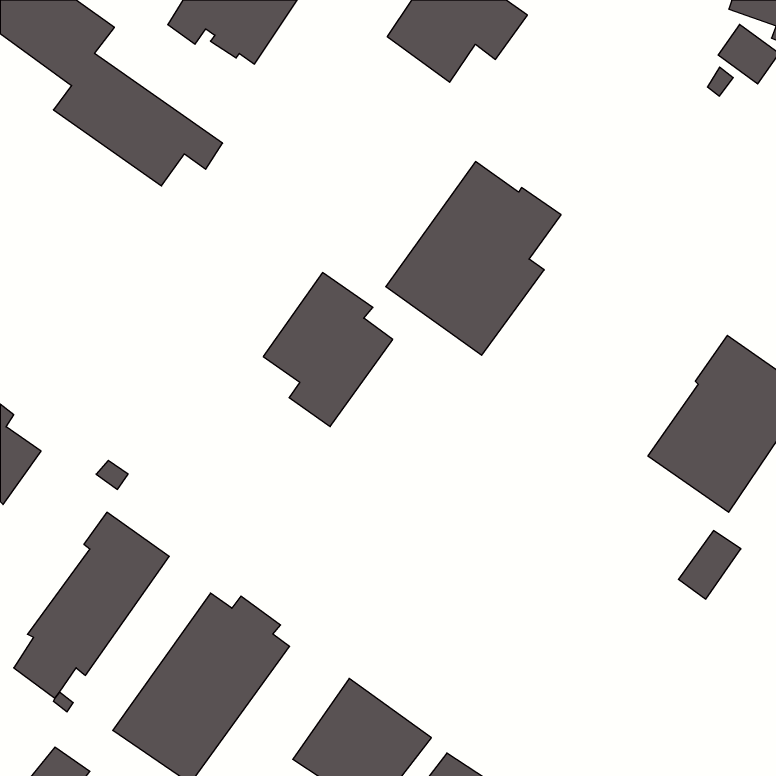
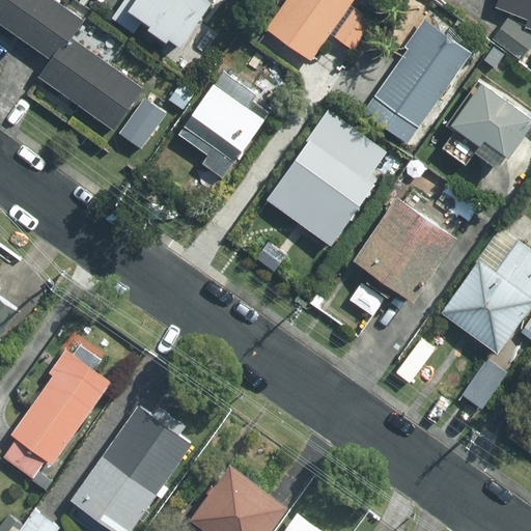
building: none -> [362,24,465,139]
building: none -> [444,83,526,168]
building: [263,273,393,427] -> [181,71,270,175]
building: none -> [352,198,451,299]

